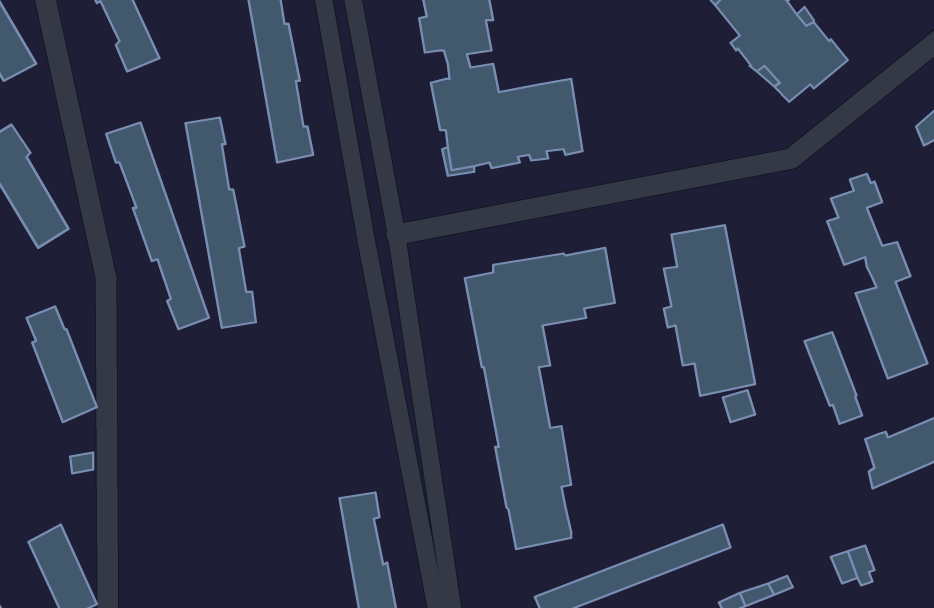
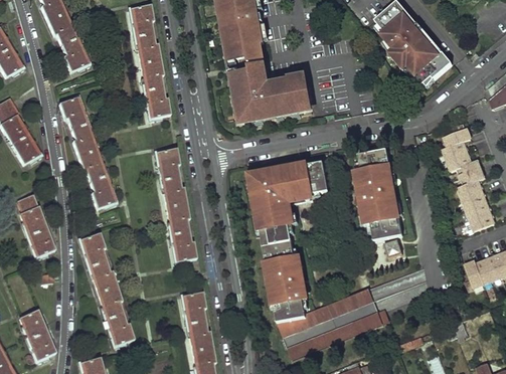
building: [186,117,256,328] -> [157,148,194,259]
building: [805,332,862,424] -> none
building: none -> [81,232,133,343]
building: none -> [277,288,374,335]

